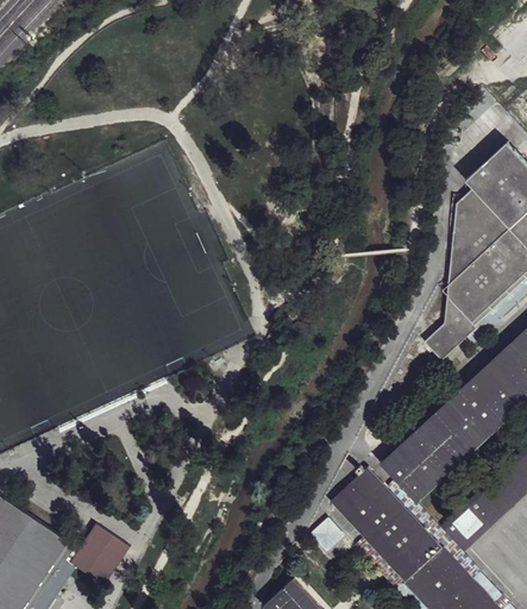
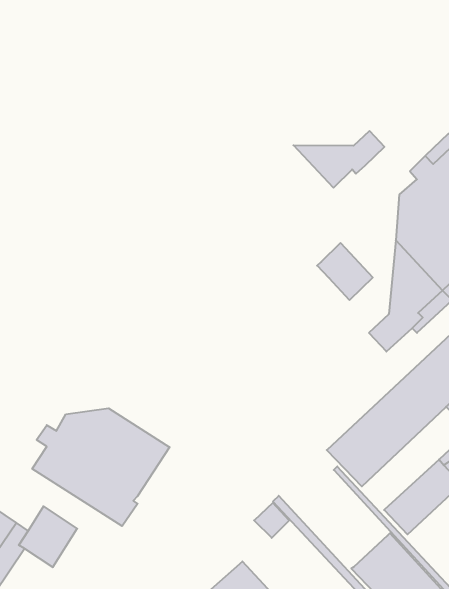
building: none -> [293,131,384,188]
building: none -> [317,243,373,300]
building: none -> [32,408,170,526]
building: [332,469,443,583] -> none

